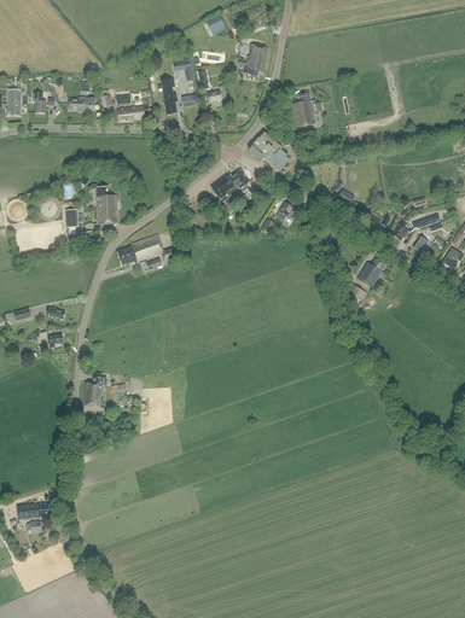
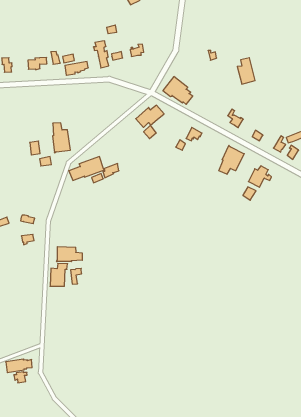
building: [238,43,268,77] -> none
building: [290,93,313,128] -> [237,58,255,84]
building: none -> [219,145,244,174]
building: none -> [57,247,82,262]

